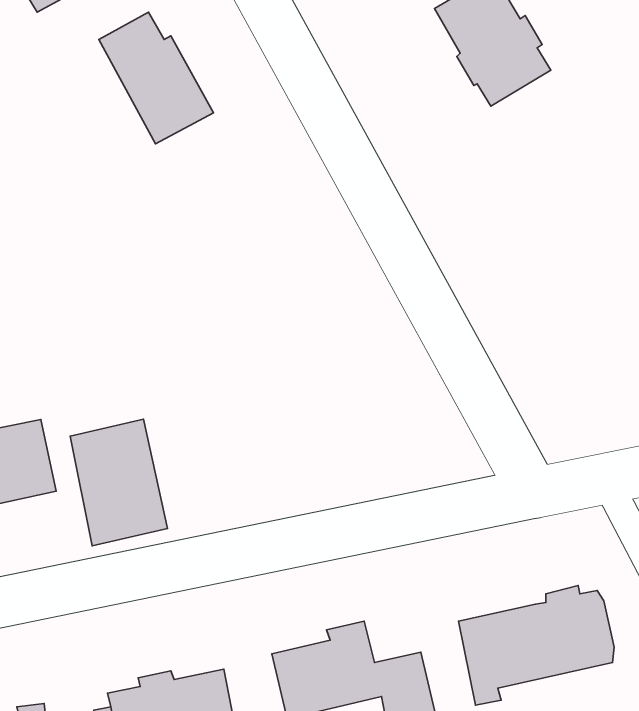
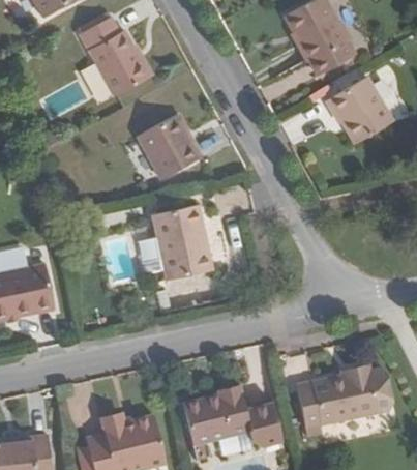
building: none -> [325,75,392,142]
building: none -> [137,114,200,179]
building: [70,419,168,546] -> [152,204,211,281]

